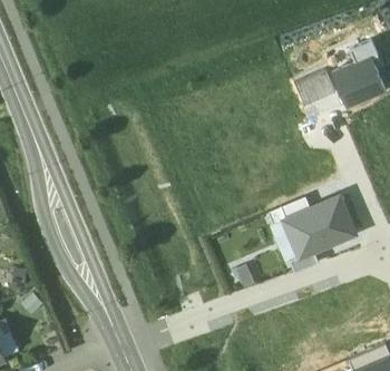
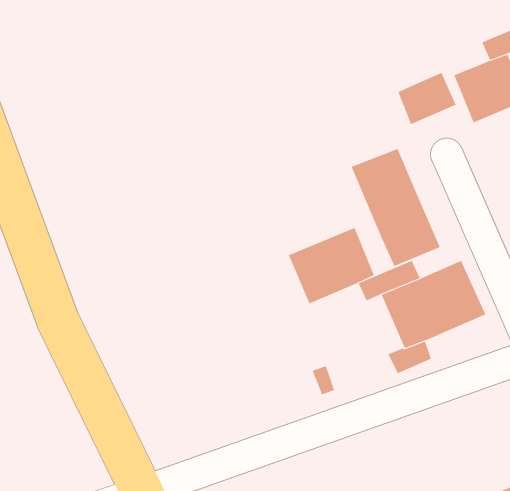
building: none -> [351,148,440,267]
building: none -> [288,227,374,304]

